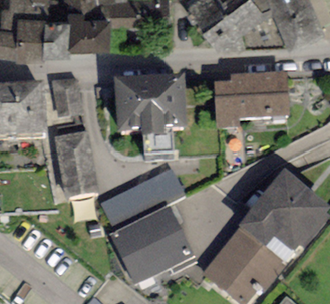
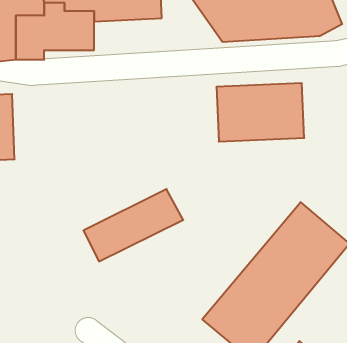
building: [111,73,190,139] -> none
building: [54,77,81,117] -> none
building: [57,120,96,195] -> none
building: [108,207,192,284] -> none

